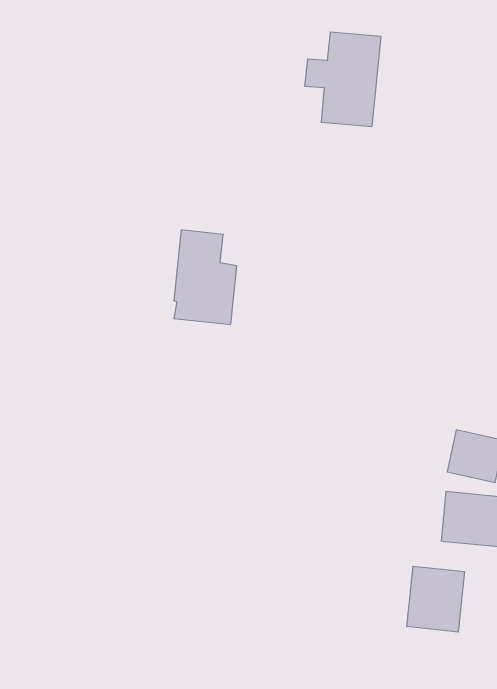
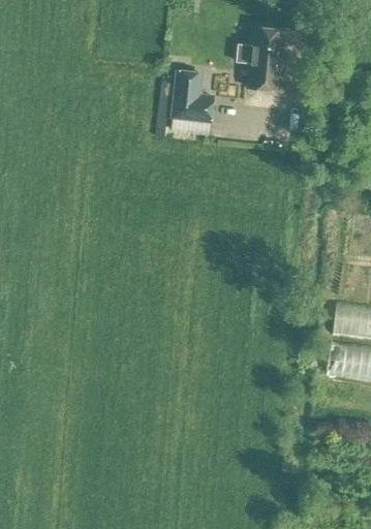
building: [174,230,237,324] -> [169,69,213,134]
building: [407,566,464,632] -> none

